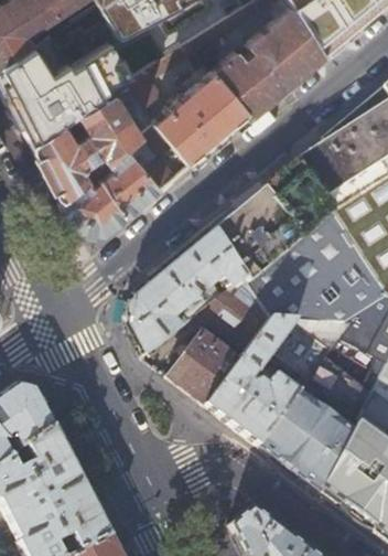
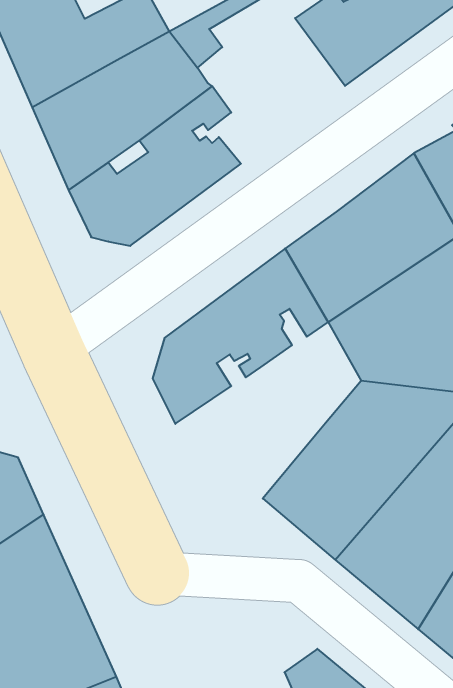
building: [153,70,249,162] -> none
building: [202,280,272,351] -> none
building: [170,332,243,406] -> none

